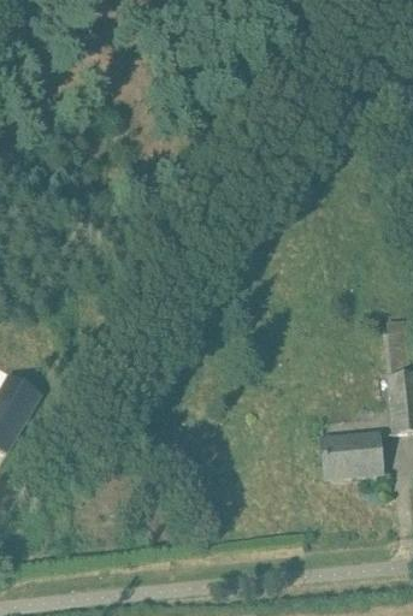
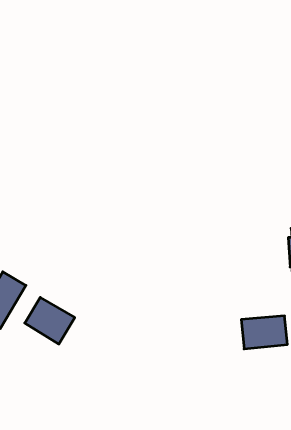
building: none -> [25,297,75,344]

